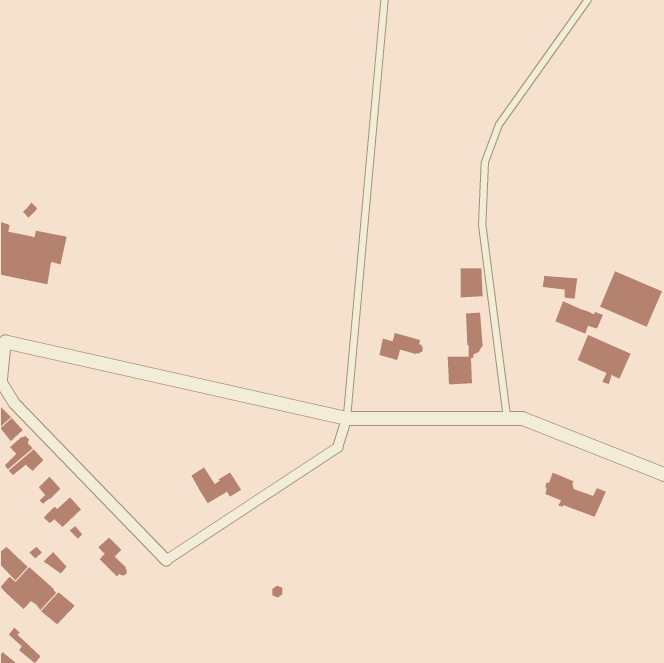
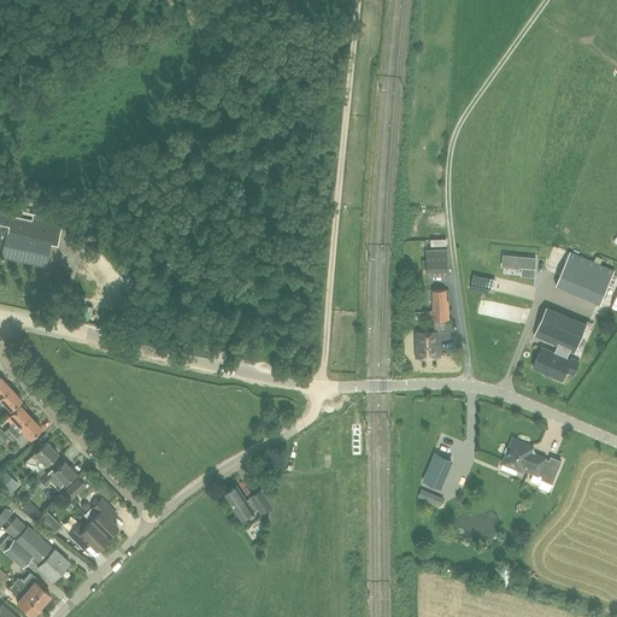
building: [555,301,604,334] -> [534,348,580,380]
building: [379,332,424,361] -> none
building: [190,466,242,504] -> [224,487,272,522]
building: none -> [425,454,453,488]
building: none -> [67,519,108,551]
building: none -> [14,575,51,610]

